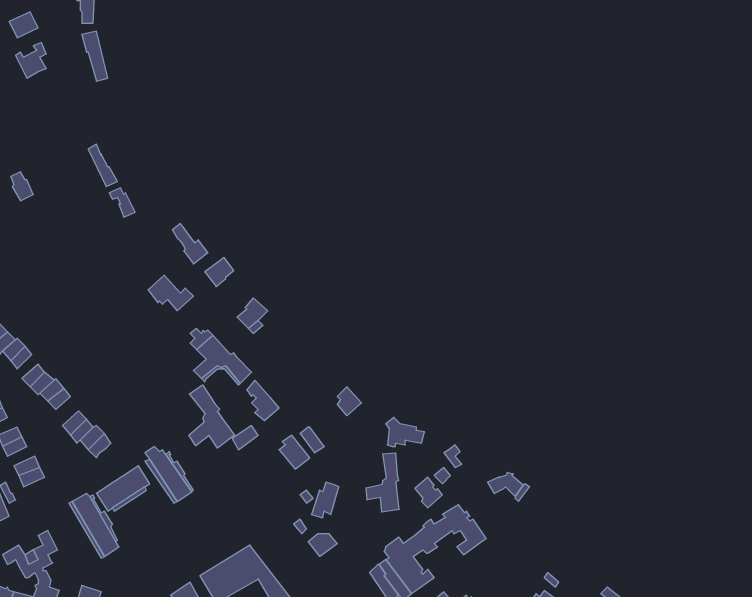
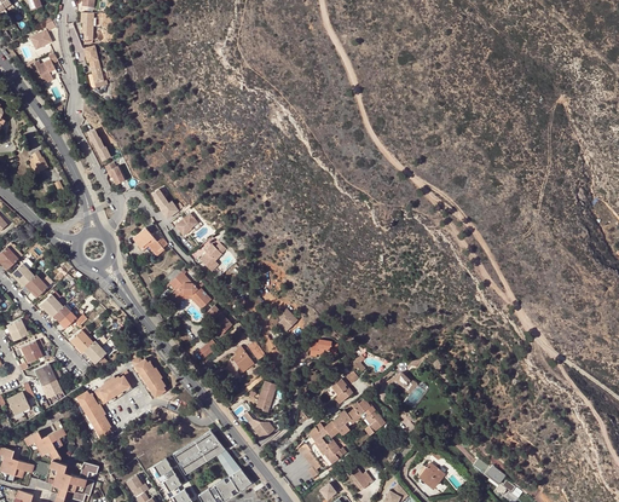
building: [189,385,235,448] -> none
building: [366,453,399,512] -> none

